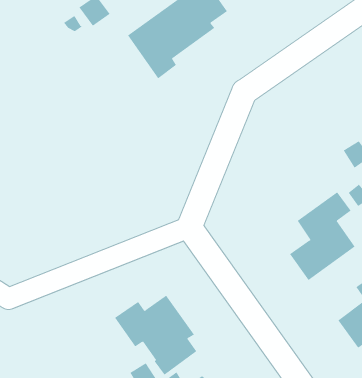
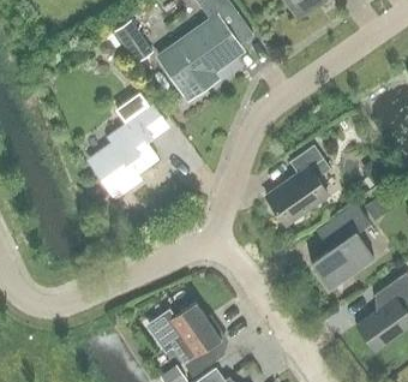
building: none -> [89,94,167,198]
building: none -> [266,145,330,223]

